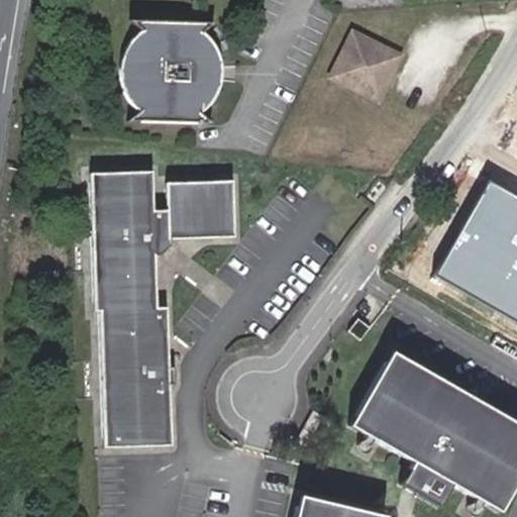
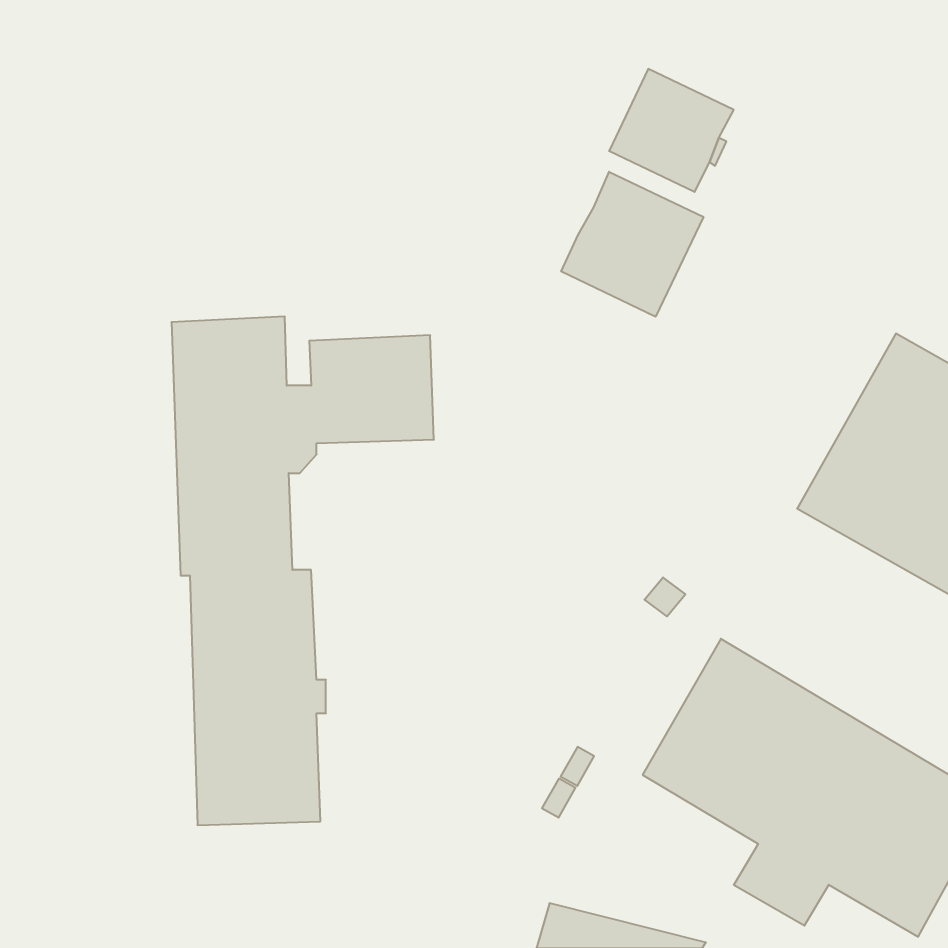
building: [109,24,209,128] -> none
building: none -> [561,172,703,317]

